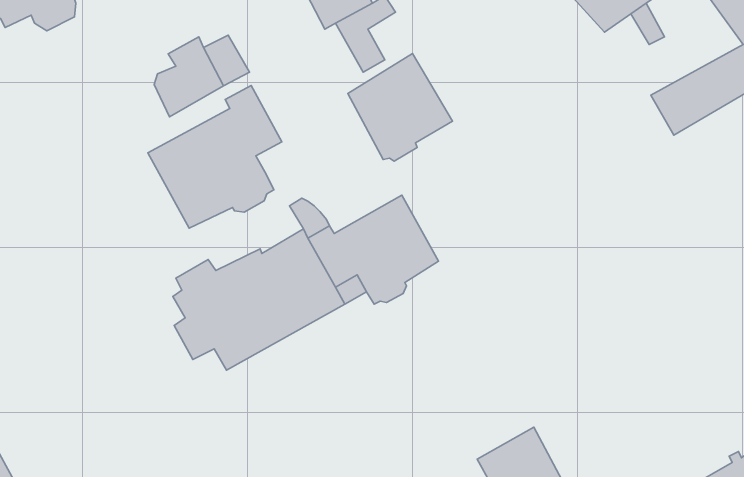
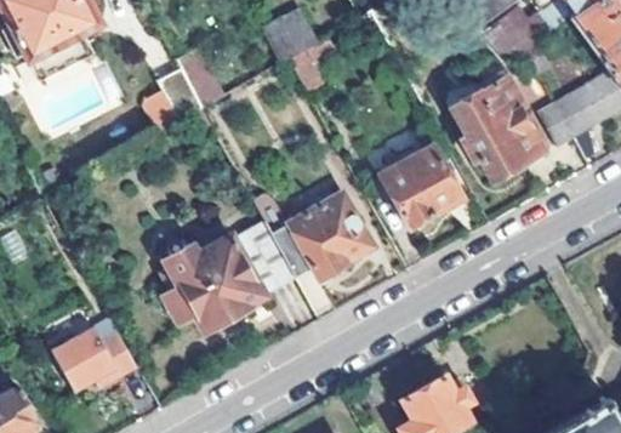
building: none -> [450,76,543,183]
building: [348,54,452,161] -> [380,144,462,229]
building: [148,85,282,228] -> none
building: none -> [51,324,137,391]

